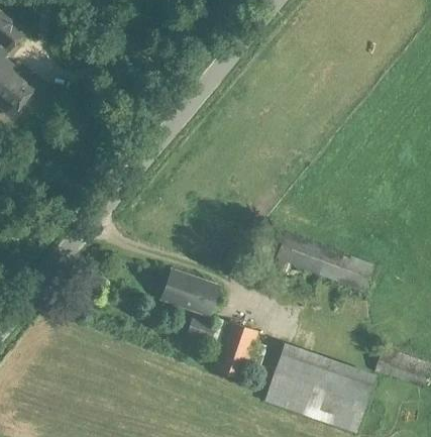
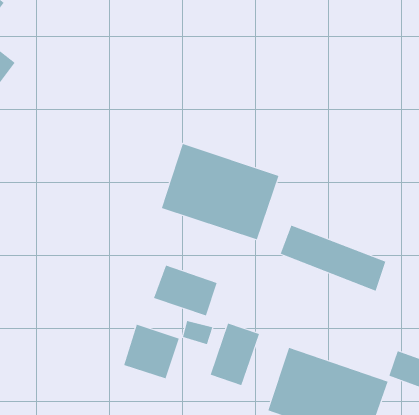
building: none -> [161,143,279,240]
building: none -> [123,324,179,379]

